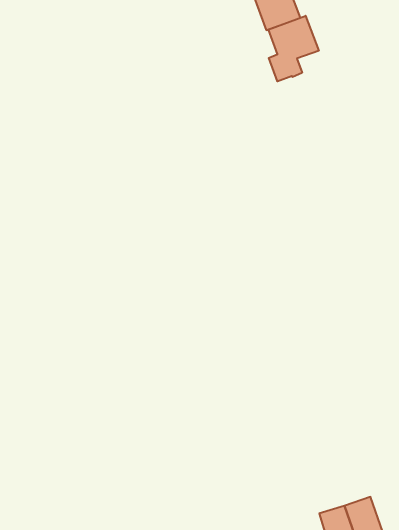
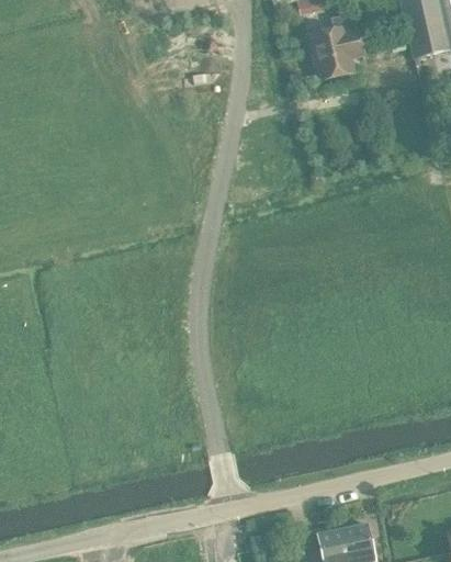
building: [268,16,319,81] -> none

